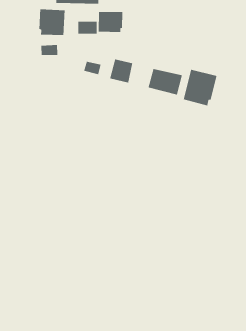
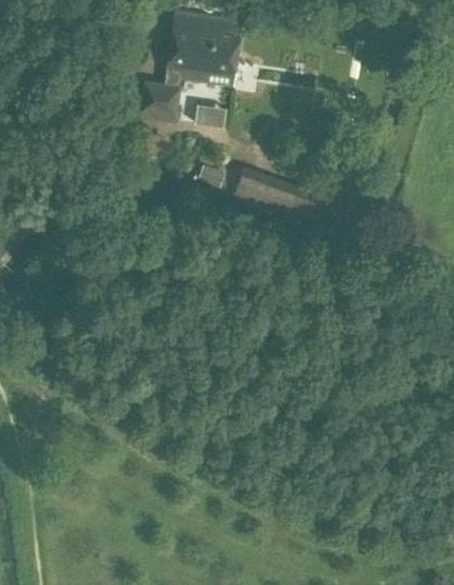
building: [98,11,123,33] -> none
building: [183,69,217,107] -> none

